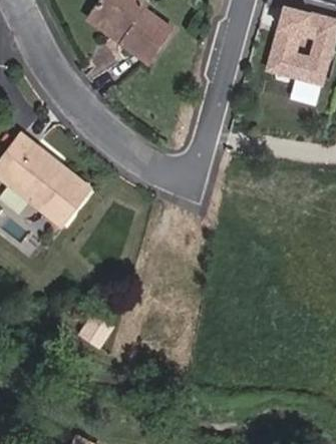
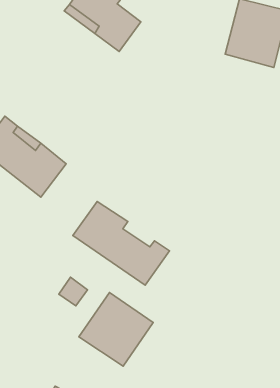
building: none -> [73,201,169,285]
building: none -> [79,293,153,366]

